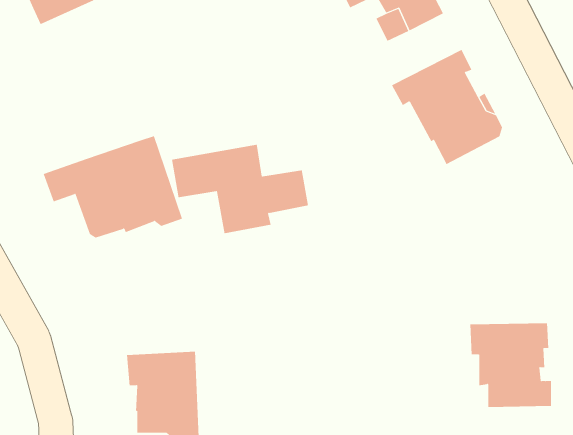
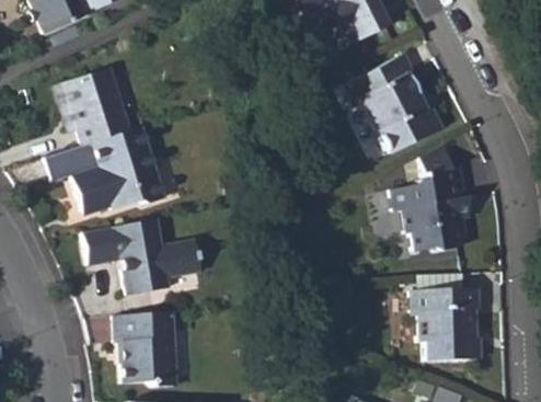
building: none -> [65,72,128,147]
building: [171,144,309,234] -> [82,218,199,295]
building: none -> [390,170,468,252]

